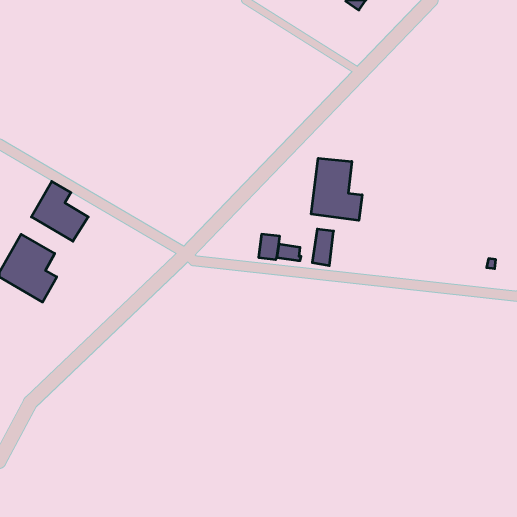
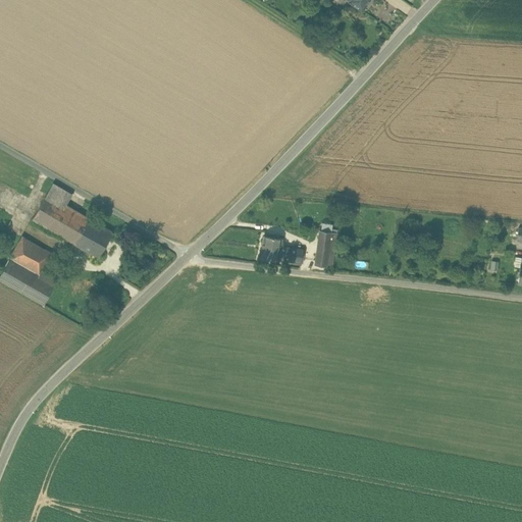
building: [311,158,362,220] -> none
building: none -> [73,219,112,258]

